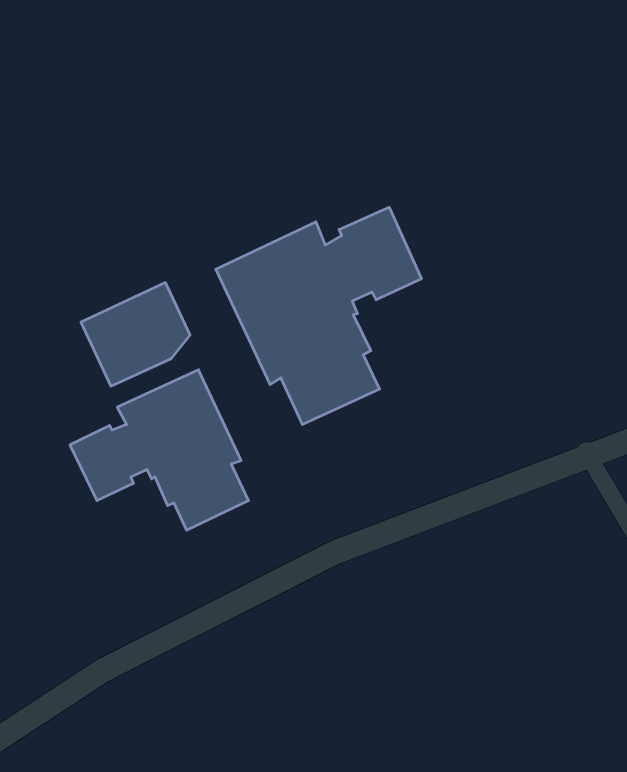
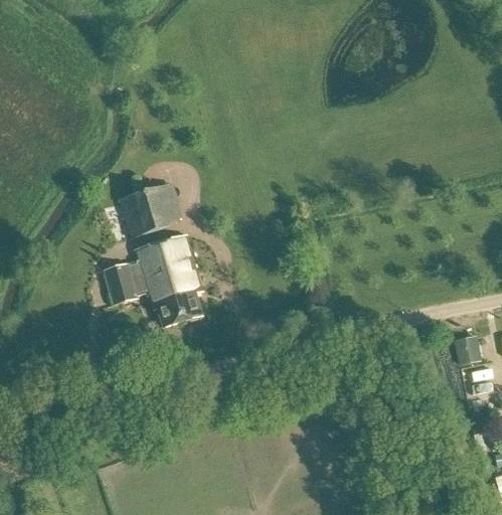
building: [216,207,421,425] -> none

